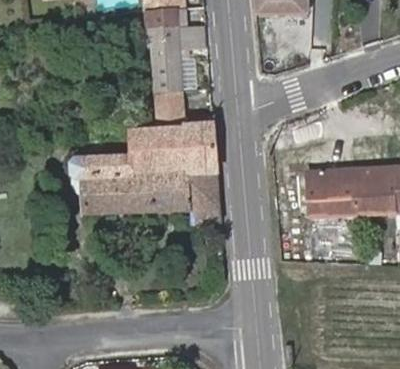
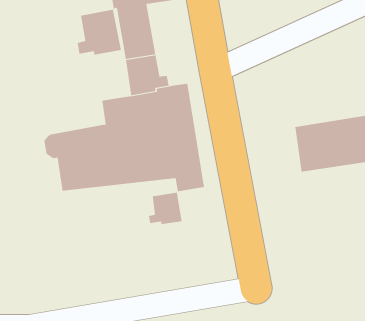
building: none -> [77,9,122,55]
building: none -> [149,192,182,225]

